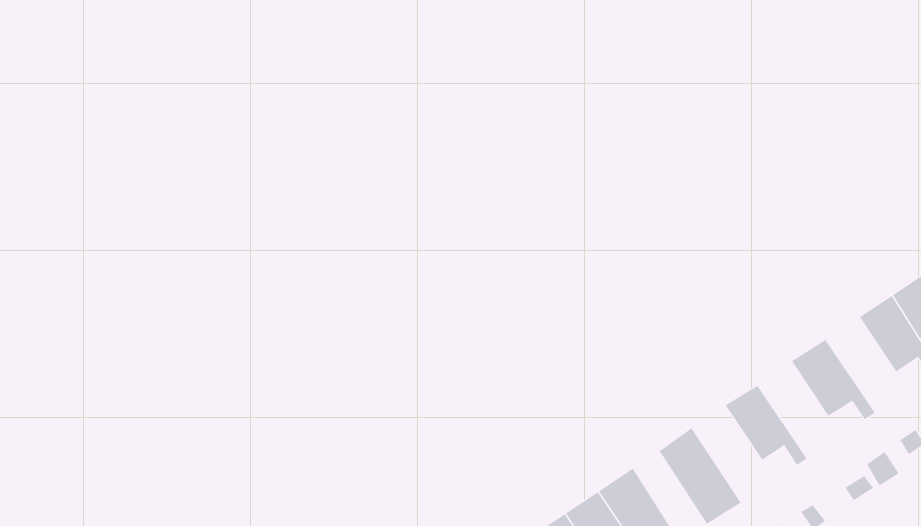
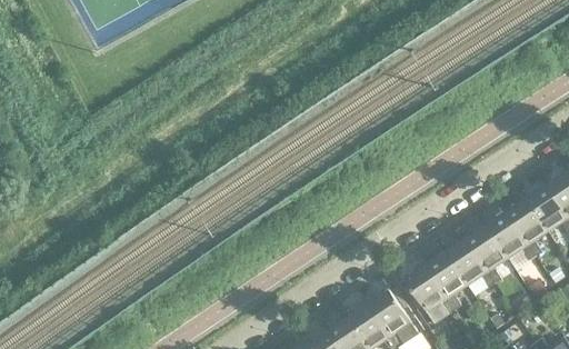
building: none -> [506,198,548,256]
building: none -> [465,225,507,283]
building: none -> [425,251,467,310]

